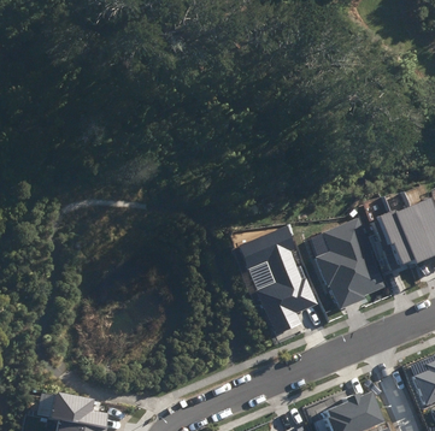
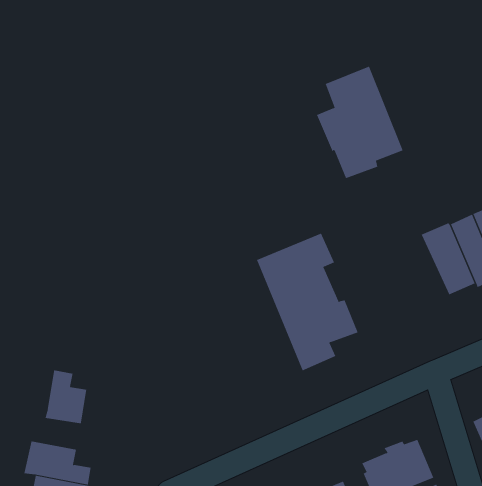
building: [315,217,386,308] -> [316,66,403,179]
building: none -> [45,369,87,424]

